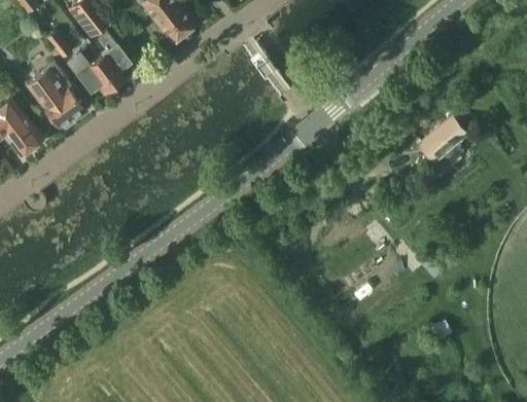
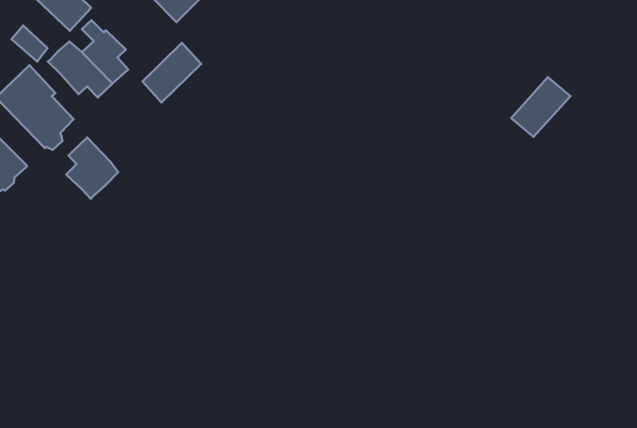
building: none -> [142,43,201,102]
building: none -> [66,137,118,199]

